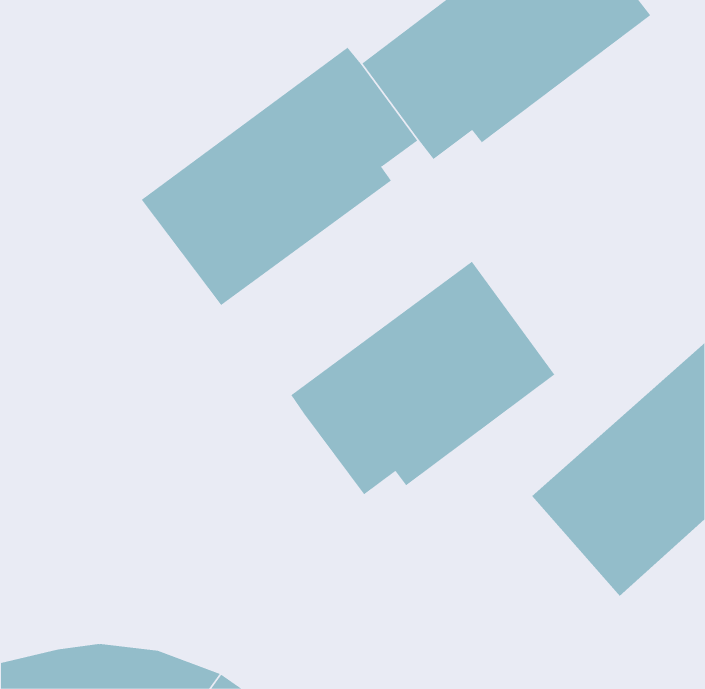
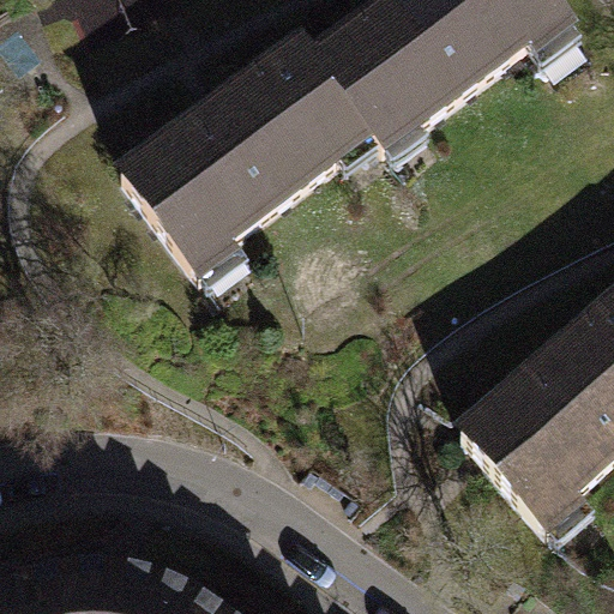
building: [291,261,555,495] -> none

